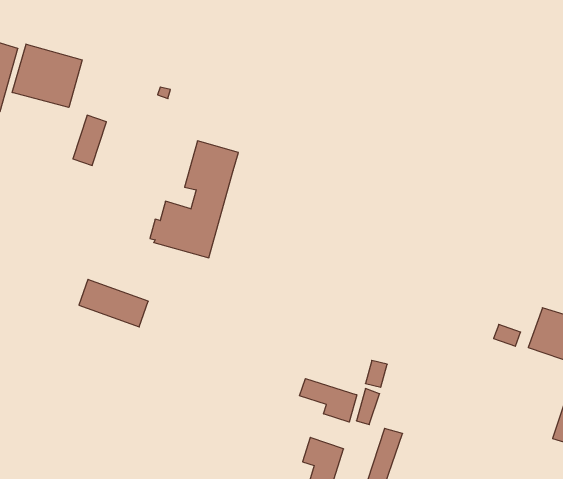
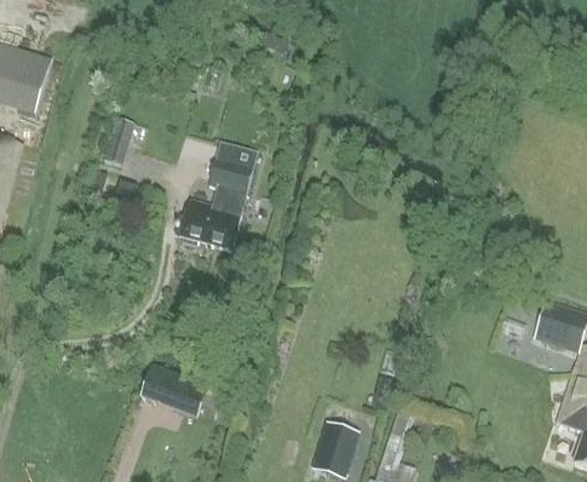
building: [12,44,82,107] -> none
building: [79,279,148,327] -> [142,372,207,417]
building: [300,379,357,422] -> none

